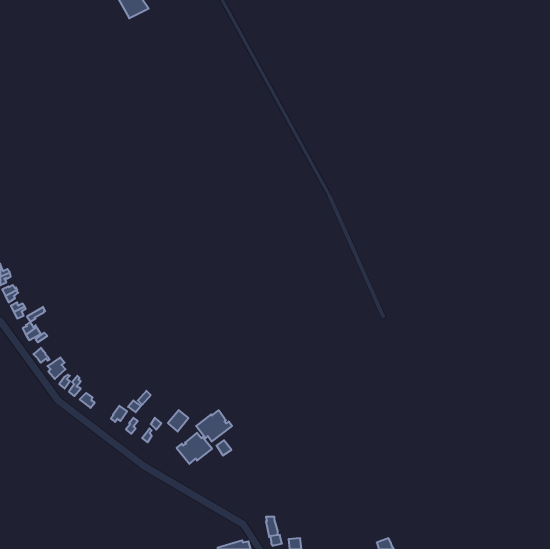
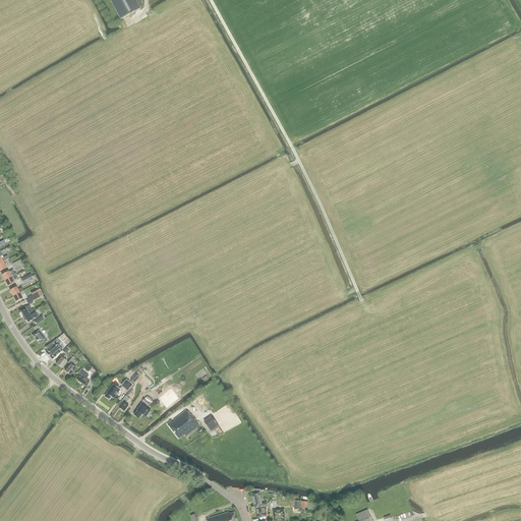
building: [196,410,232,442] -> none

